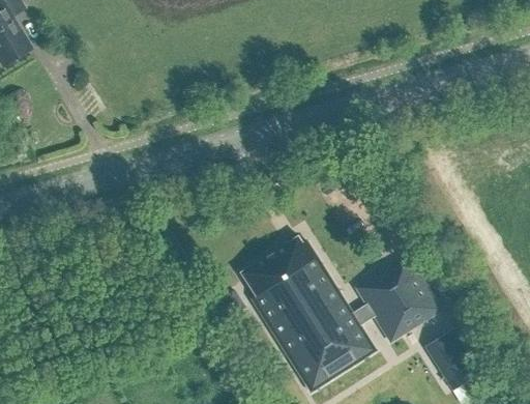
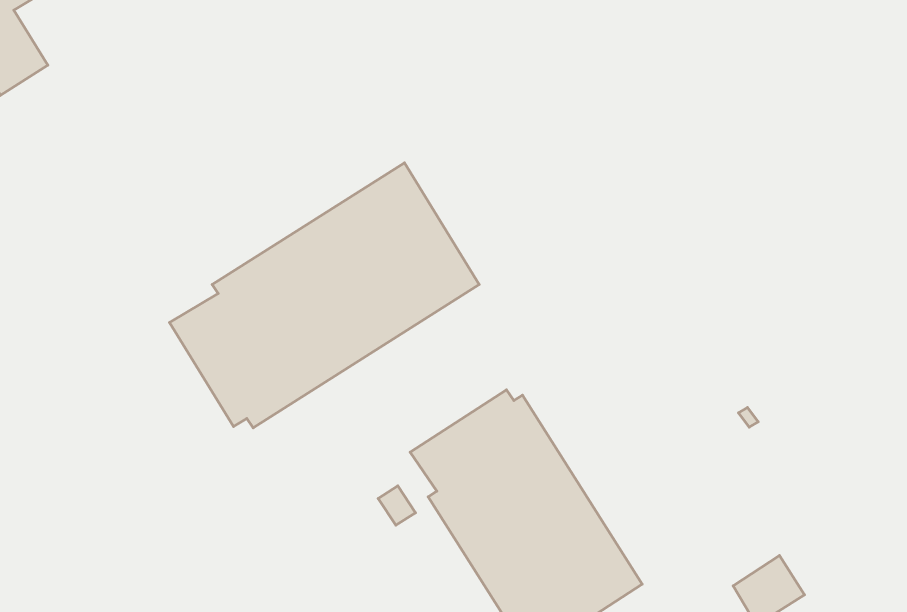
building: none -> [169,163,479,428]
building: [355,261,439,342] -> none

